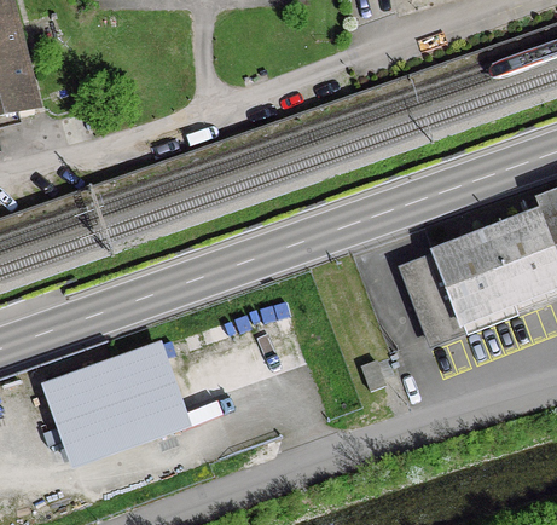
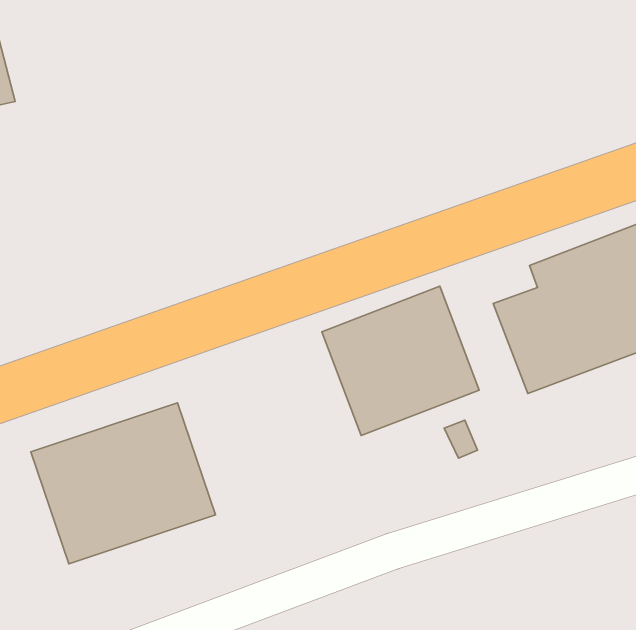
building: none -> [322,286,479,436]

